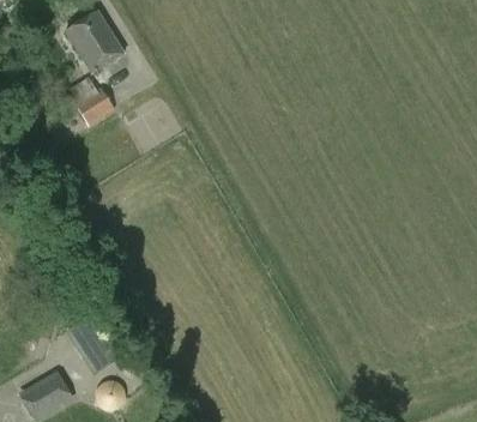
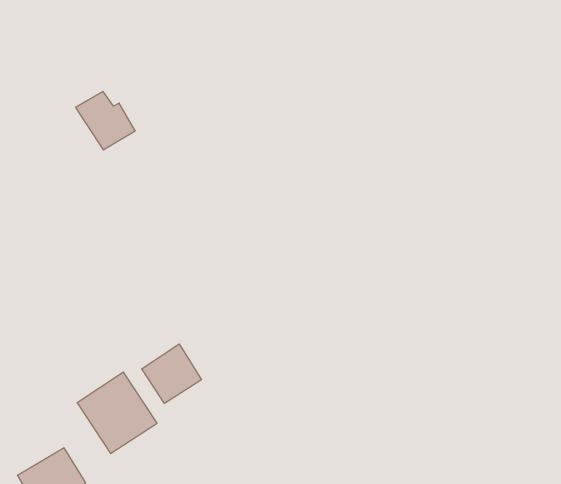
building: [65,11,122,73] -> none
building: none -> [142,344,201,403]

